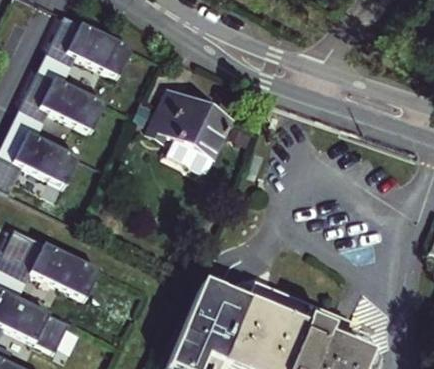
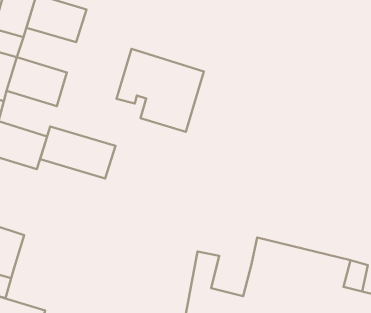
building: [31,243,101,298] -> [40,127,115,179]
building: [206,290,246,330] -> none

